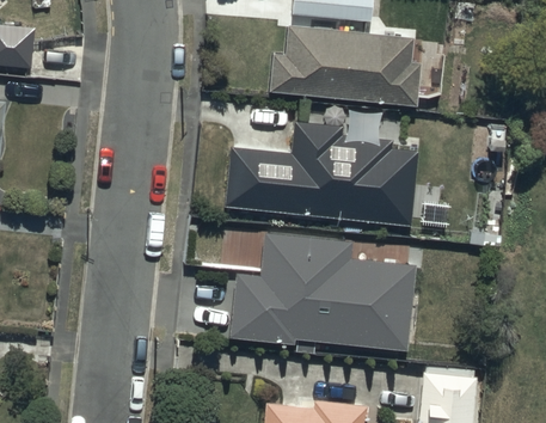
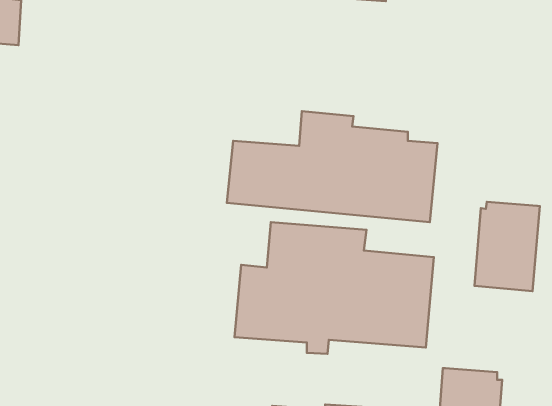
building: [269,30,421,109] -> none
building: none -> [475,202,540,291]

